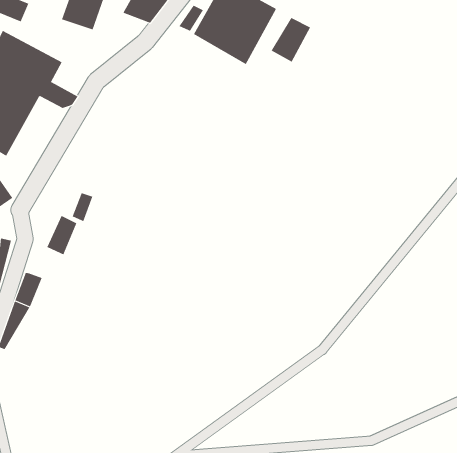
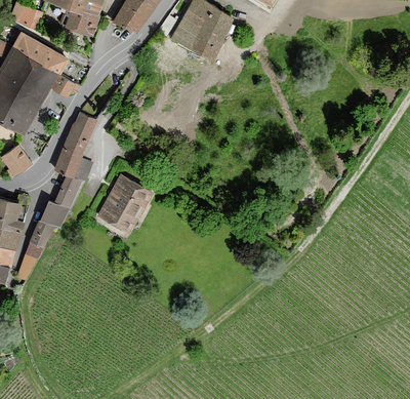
building: [271,17,311,62] -> none
building: none -> [56,114,94,176]
building: none -> [96,174,149,230]
building: none -> [41,202,69,229]

